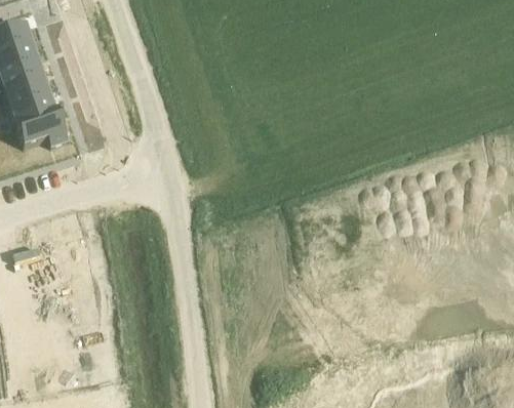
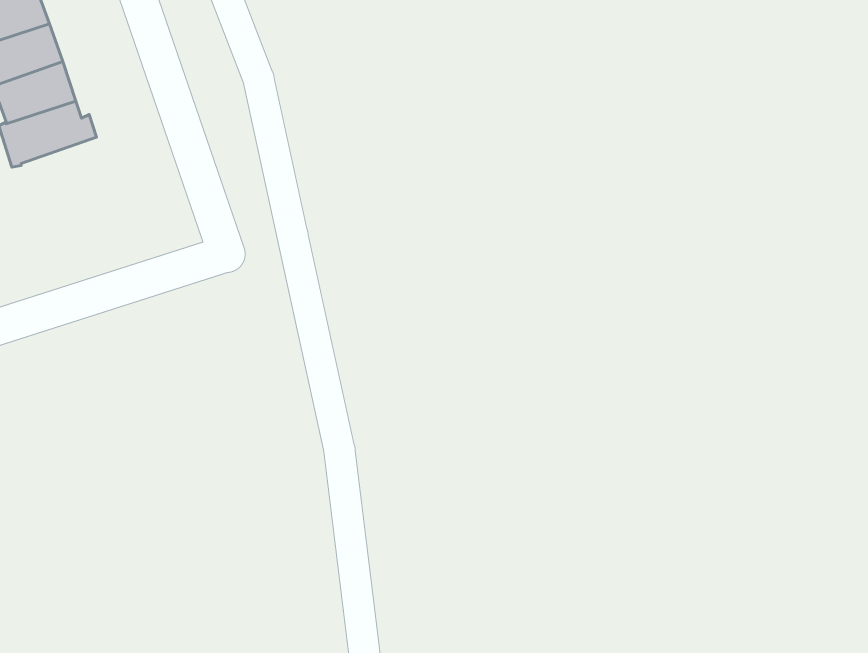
building: [15,103,67,138] -> none

